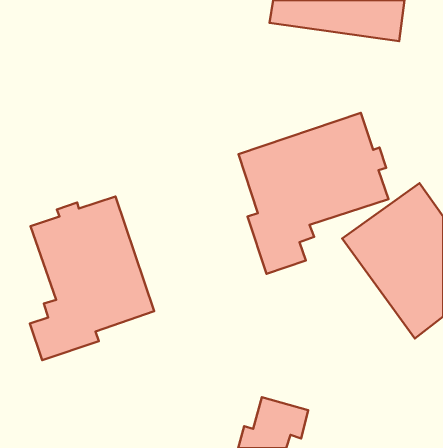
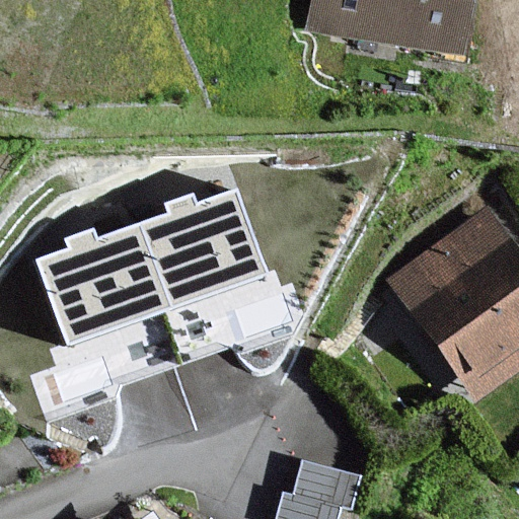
building: [239,113,388,274] -> none
building: none -> [134,192,303,360]

